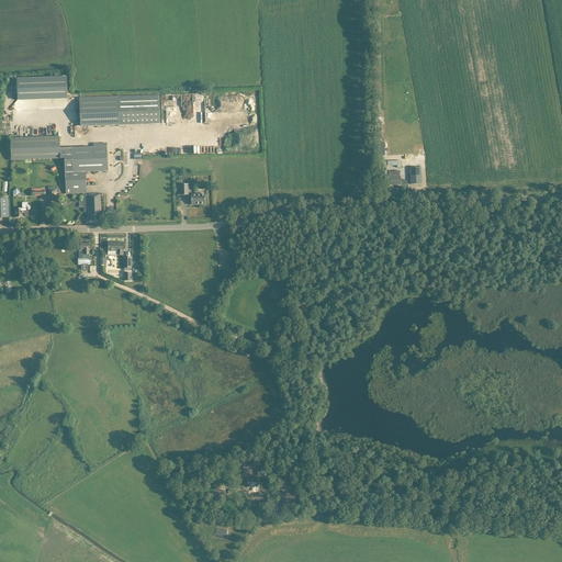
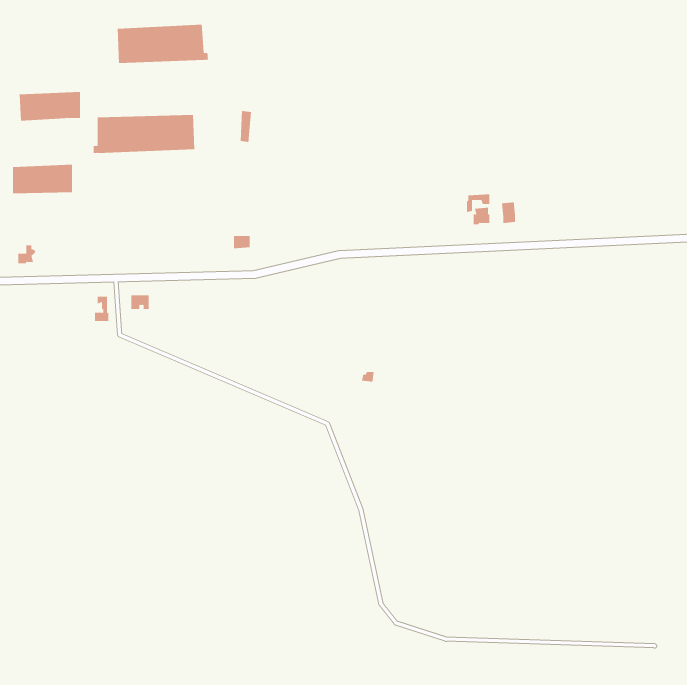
building: none -> [117,24,208,64]
building: [59,140,106,217] -> none

